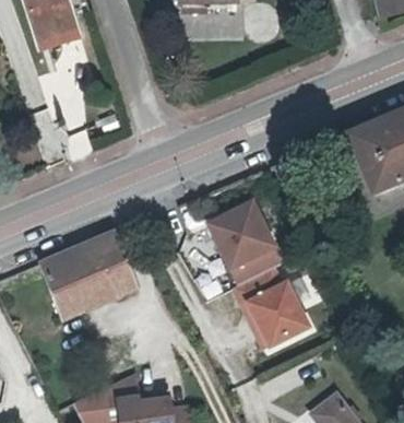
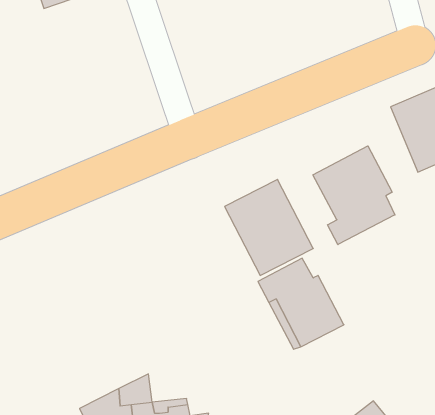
building: none -> [313,146,395,245]
building: [39,234,132,313] -> none

